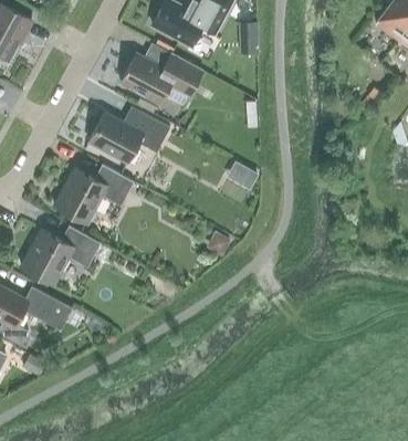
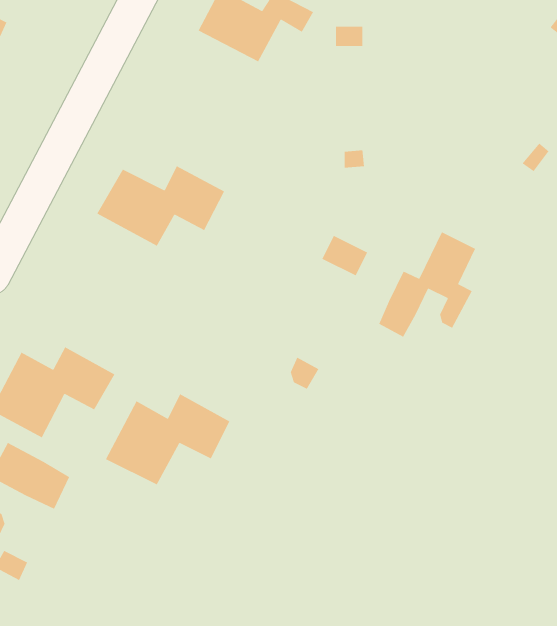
building: [121,53,202,104] -> none
building: none -> [378,231,476,338]
building: [54,164,134,222] -> [105,393,230,486]

